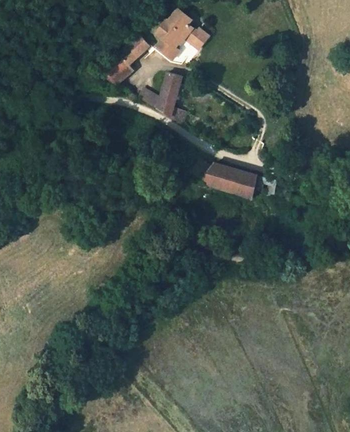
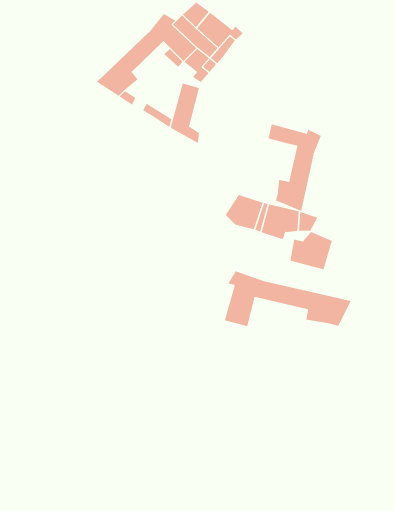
building: none -> [268,123,322,212]
building: none -> [290,231,332,270]
building: none -> [224,270,352,327]

